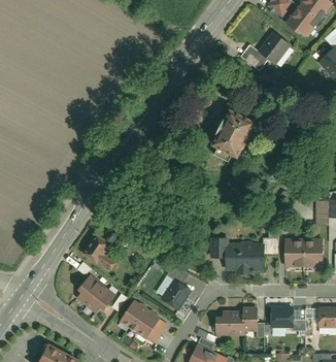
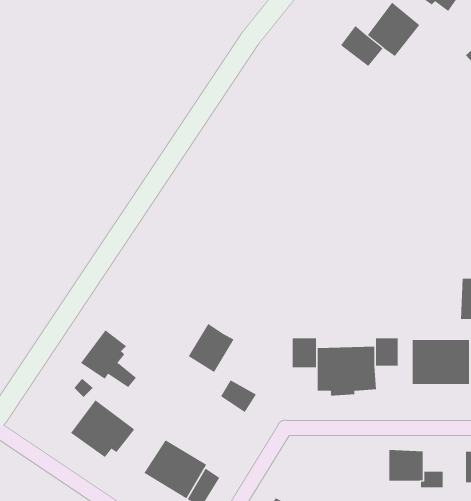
building: [210,106,256,171] -> none
building: [161,278,190,309] -> [188,323,235,373]
building: [215,308,256,335] -> none

